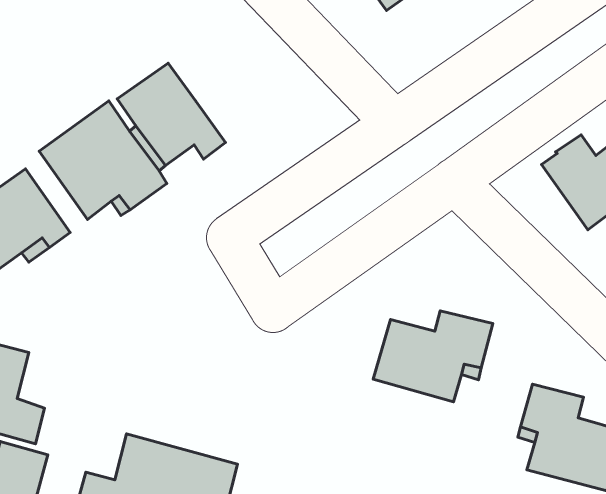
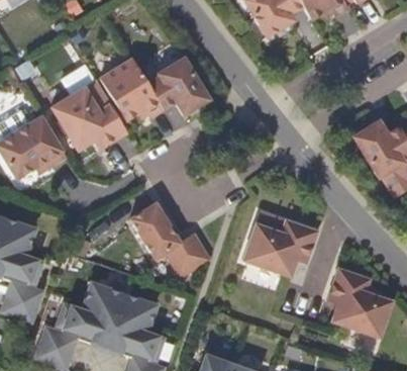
building: none -> [147,58,208,114]
building: none -> [130,203,209,277]

